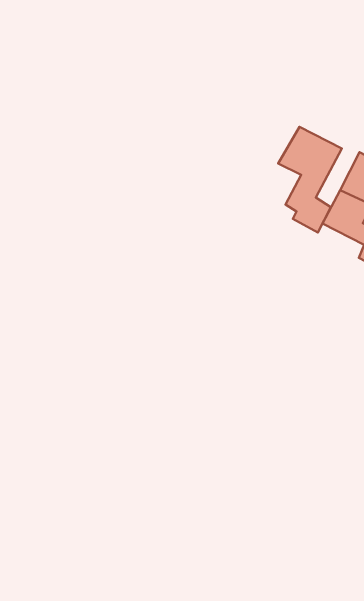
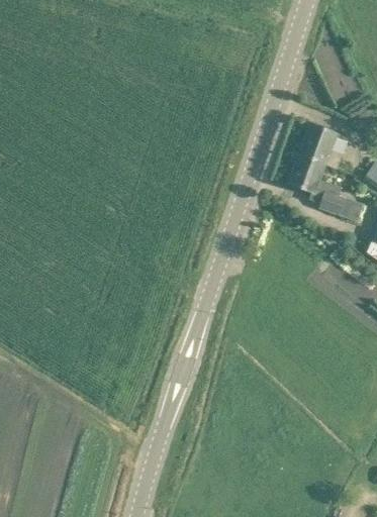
building: [278,127,342,233] -> none

